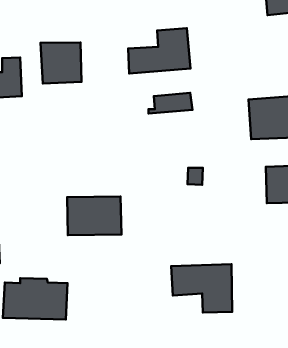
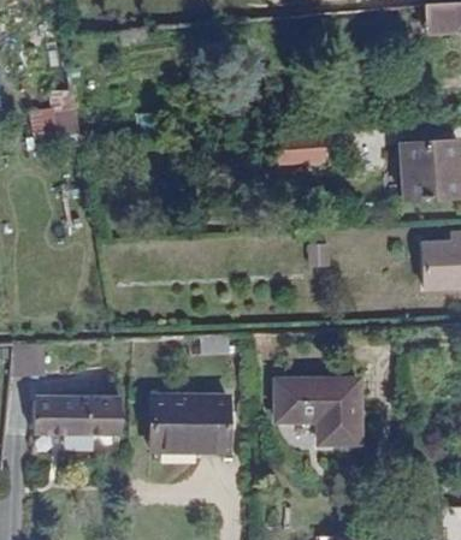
building: [128,28,191,73] -> none
building: [41,42,82,84] -> none
building: [67,196,121,235] -> [158,397,234,451]

